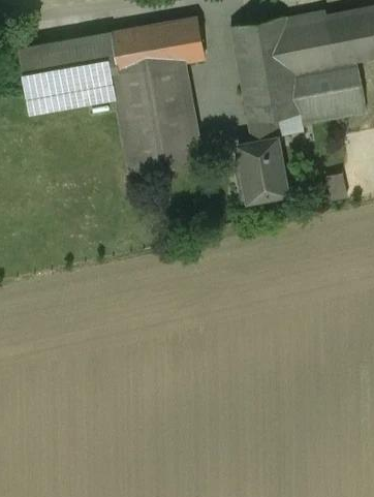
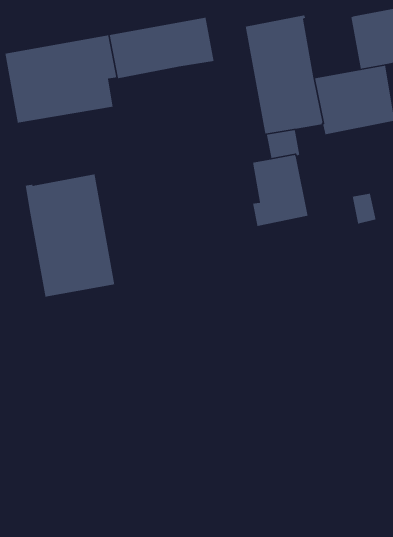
building: [283,11,333,71] -> none
building: [112,62,191,172] -> [25,173,115,298]

